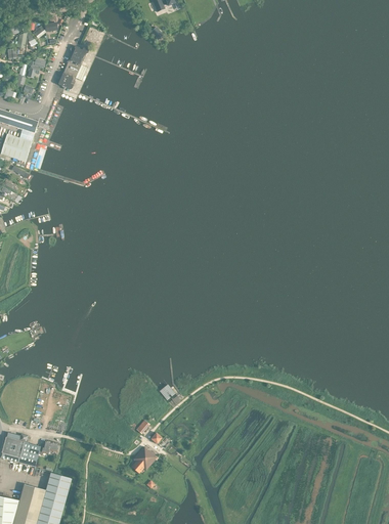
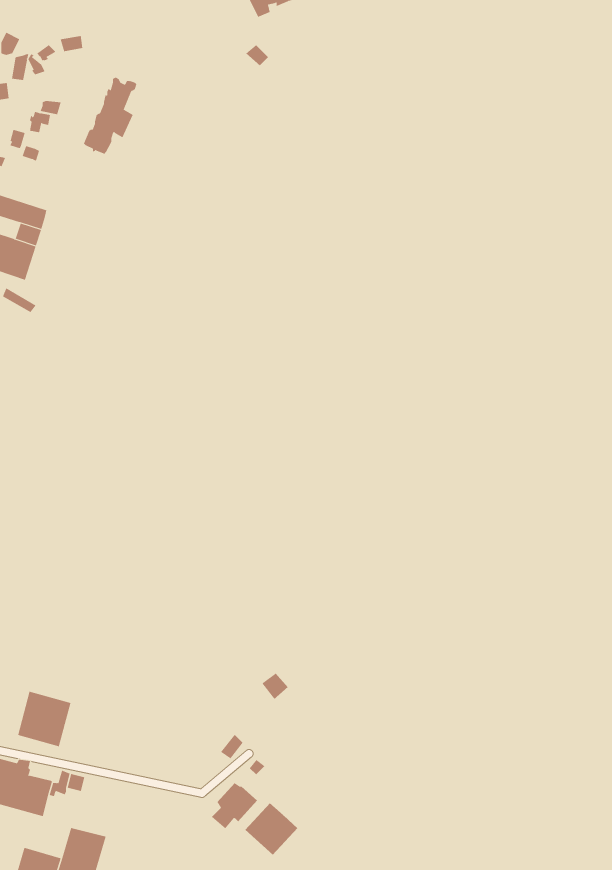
building: none -> [17,691,71,747]
building: none -> [245,802,298,855]

